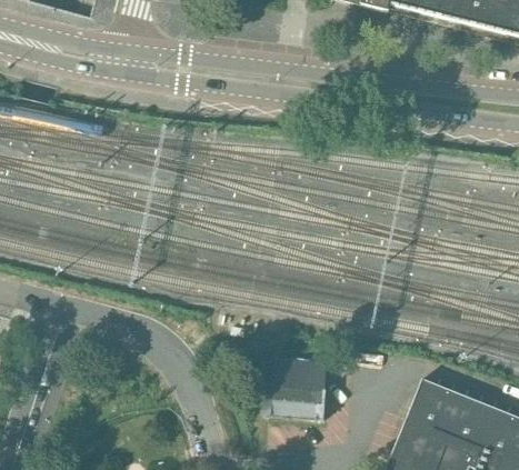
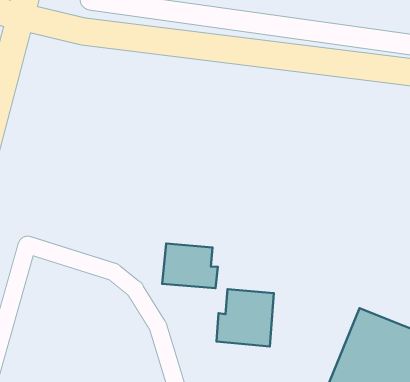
building: none -> [162,243,218,288]

